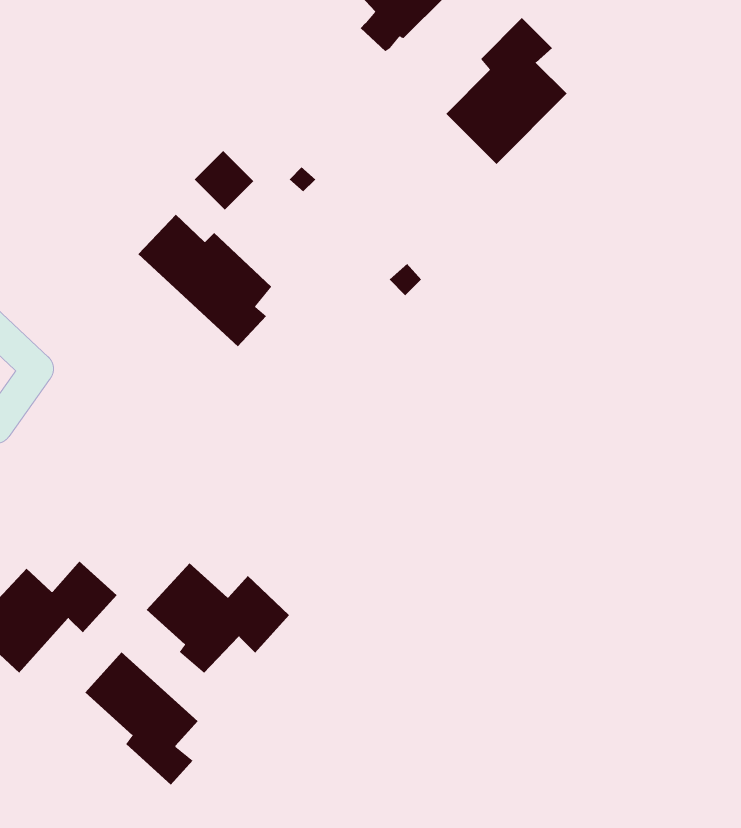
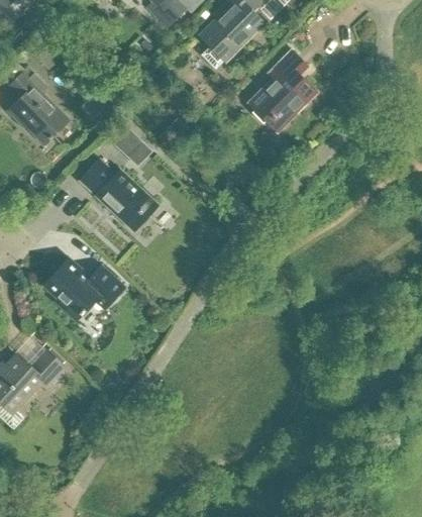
building: none -> [7,68,68,144]
building: [146,562,290,674] -> [43,258,123,320]
building: [84,652,198,785] -> none

